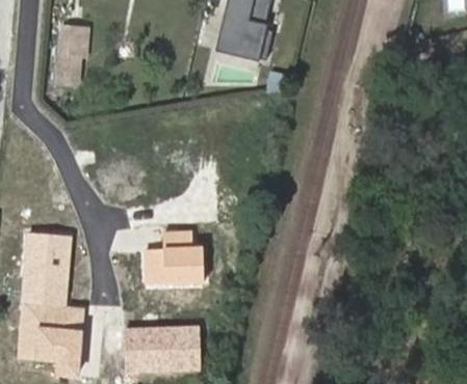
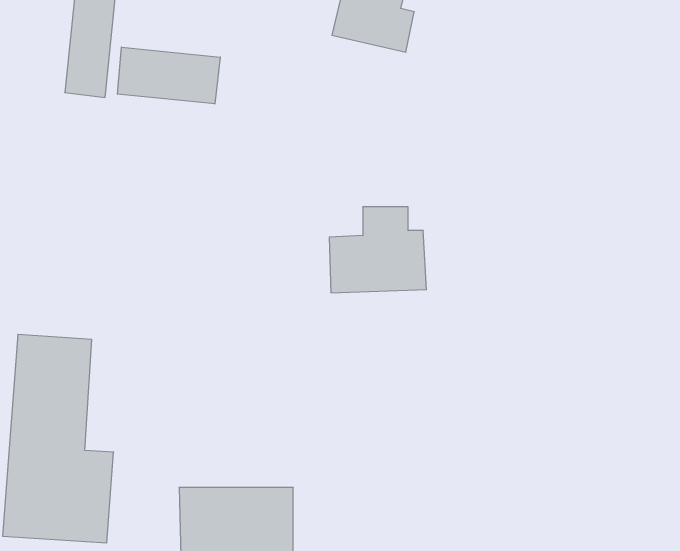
building: none -> [118,47,220,104]
building: [141,231,202,284] -> [329,207,427,293]

